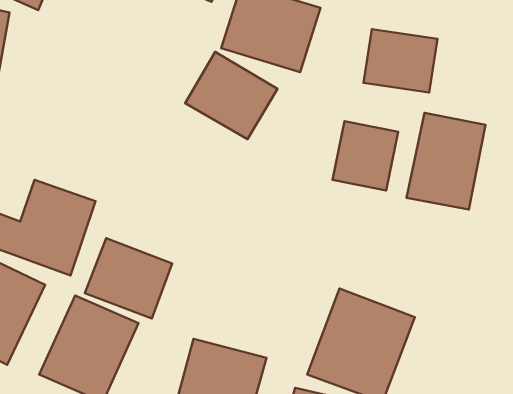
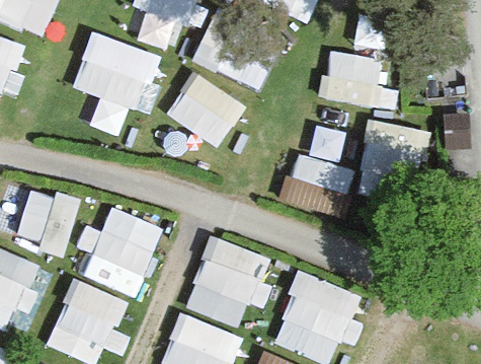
building: none -> [77,38,161,131]
building: none -> [184,234,270,330]

